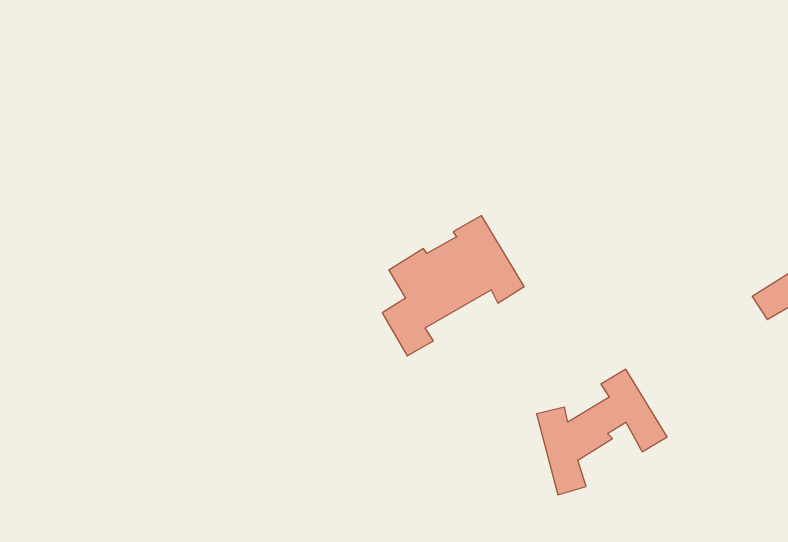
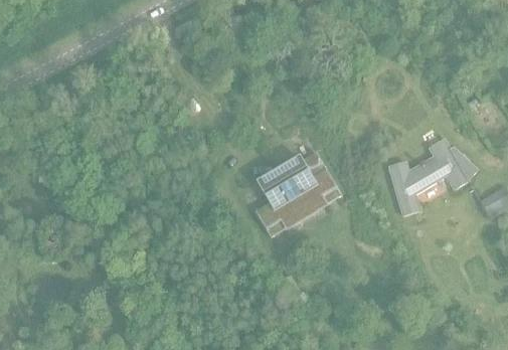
building: [536,369,667,495] -> [389,137,469,213]

